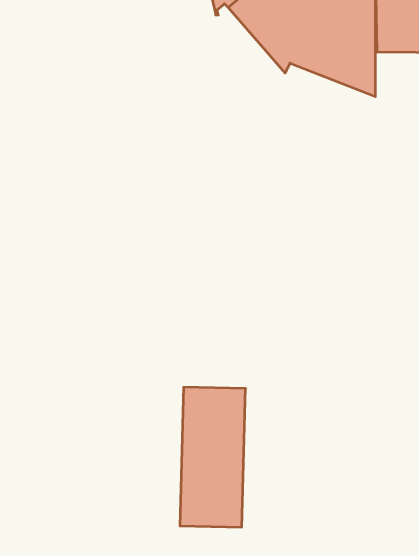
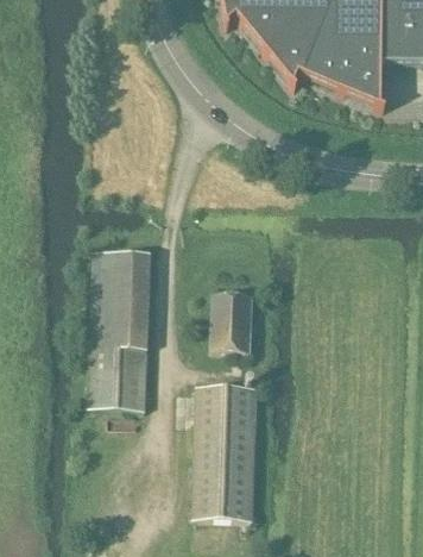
building: none -> [88,250,150,409]
building: none -> [212,294,252,350]

